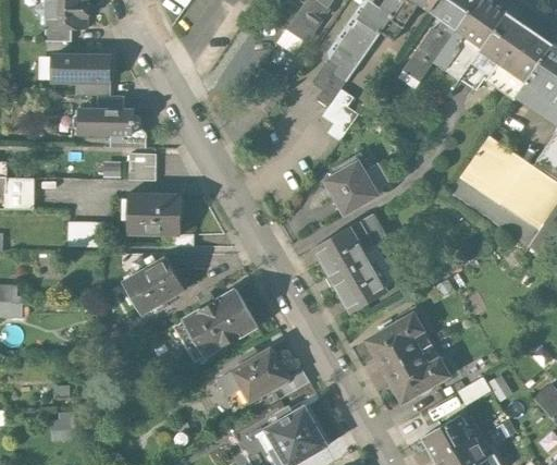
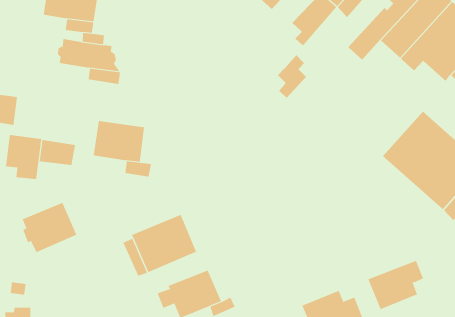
building: [312,56,347,108] -> none
building: [128,154,157,182] -> none
building: [325,155,394,219] -> none
building: [313,215,388,314] -> none
building: none -> [6,134,42,180]
building: [121,255,185,316] -> [22,202,77,253]
building: [363,311,426,372] -> [367,260,424,310]

